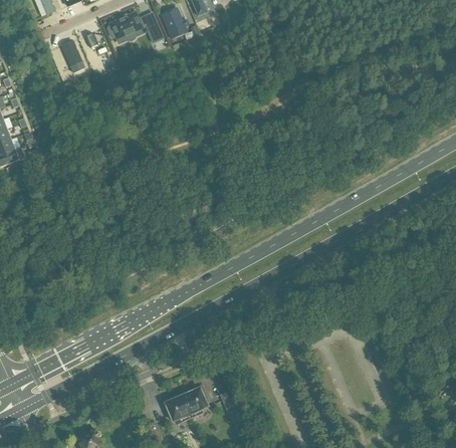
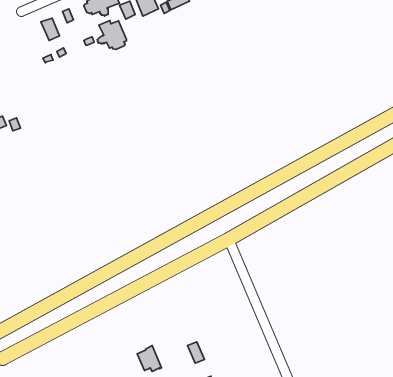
building: none -> [97,20,127,50]
building: [181,387,208,417] -> none

